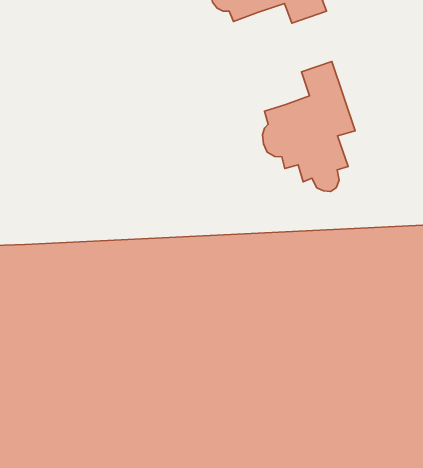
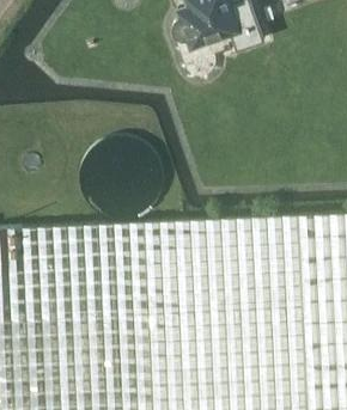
building: [262,61,355,191] -> none

